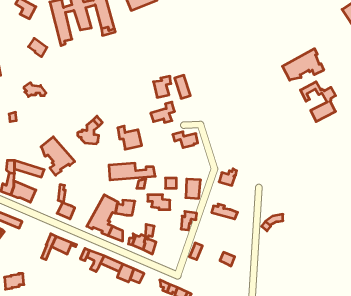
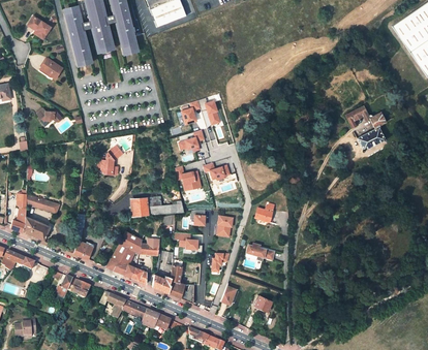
building: [282,49,324,80] -> none
building: [118,126,142,149] -> [176,165,203,191]
building: [41,137,75,175] -> none

